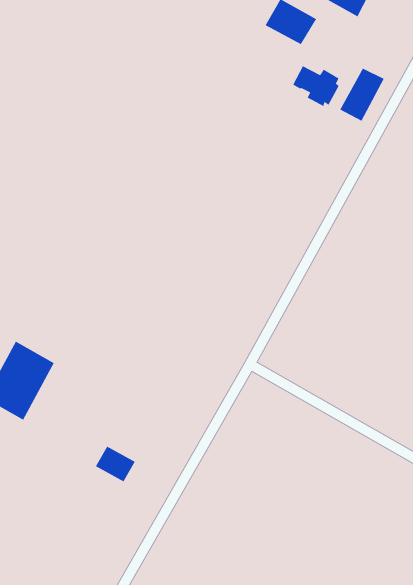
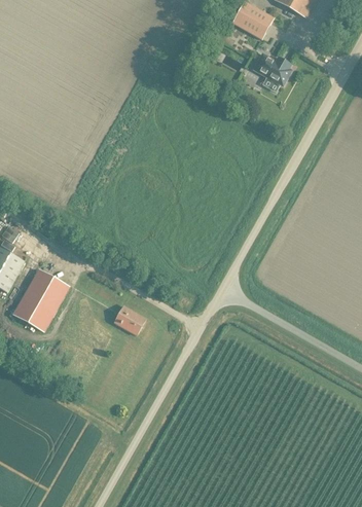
building: [339,68,385,122] -> none
building: [95,446,136,482] -> [114,305,146,334]

